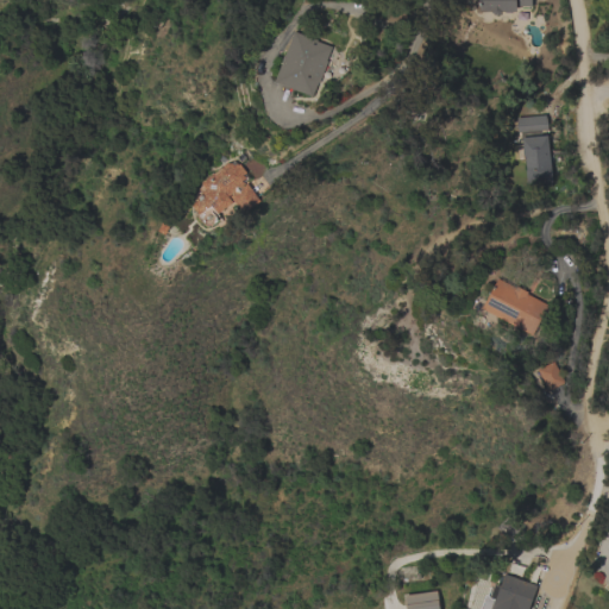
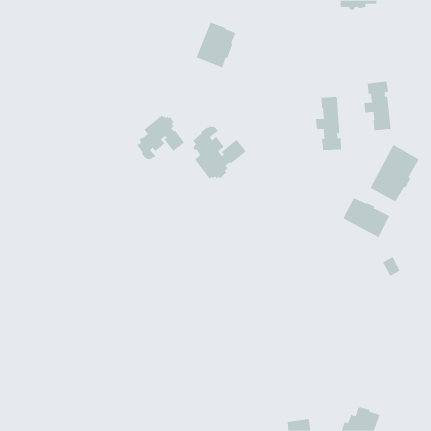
building: none -> [315,96,341,151]
building: none -> [192,126,246,180]
building: none -> [370,144,419,202]

